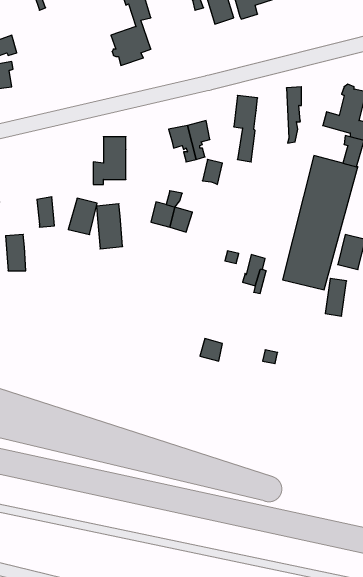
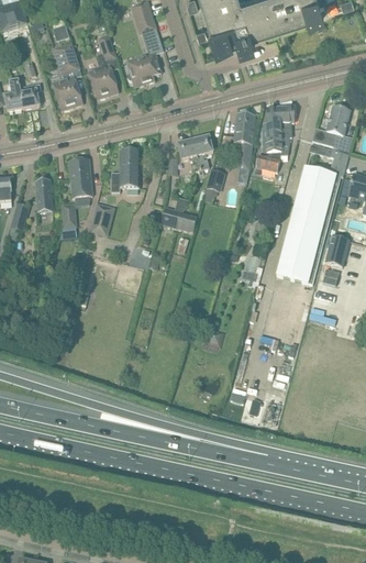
building: none -> [88,35,117,97]
building: none -> [52,43,80,109]
building: none -> [255,107,281,172]
building: [96,204,123,249] -> [68,158,91,198]
building: [6,234,26,271] -> [34,179,52,211]

